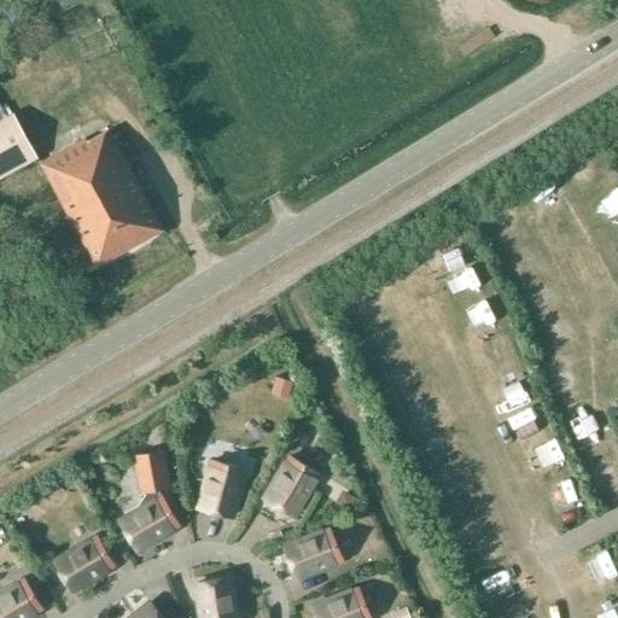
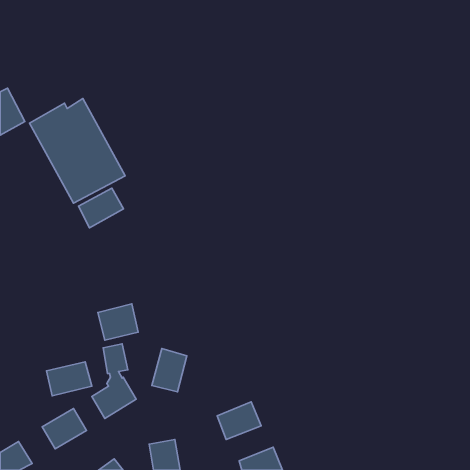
building: none -> [78,188,124,228]
building: none -> [98,304,138,340]
building: [266,455,320,514] -> none
building: none -> [46,362,92,396]

